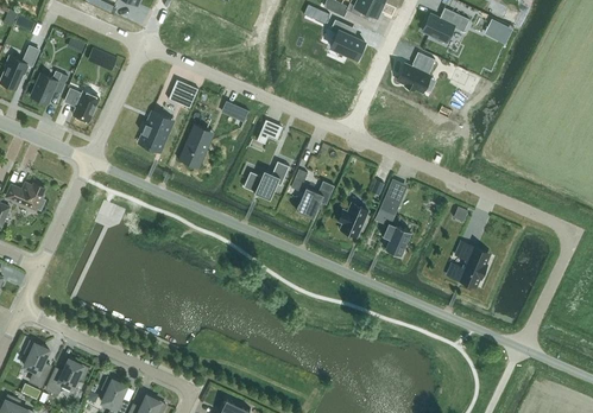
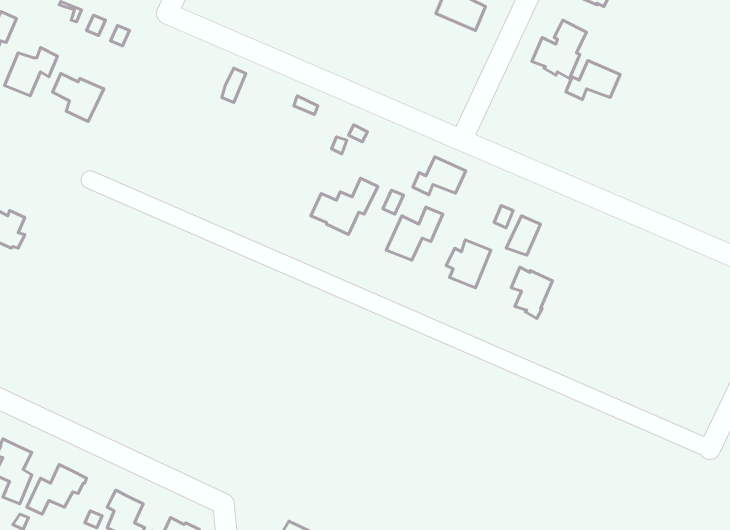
building: none -> [566,60,620,99]
building: [140,116,171,152] -> none
building: [178,125,209,166] -> none
building: none -> [413,157,466,195]
building: [448,243,488,287] -> none

